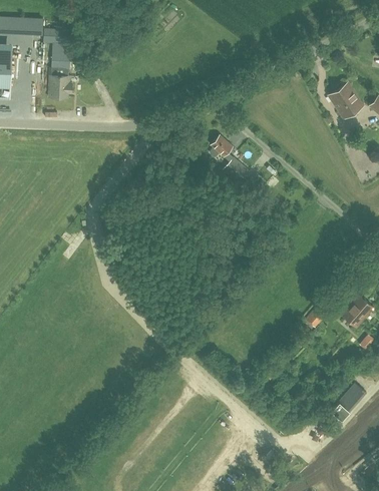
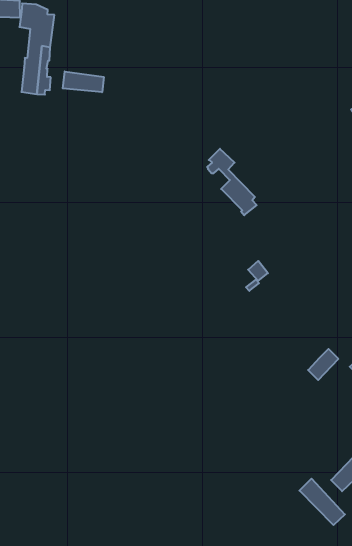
building: none -> [63,71,104,92]
building: none -> [299,479,345,525]

